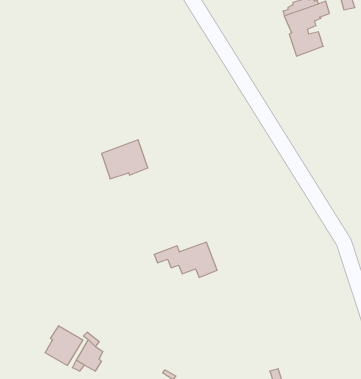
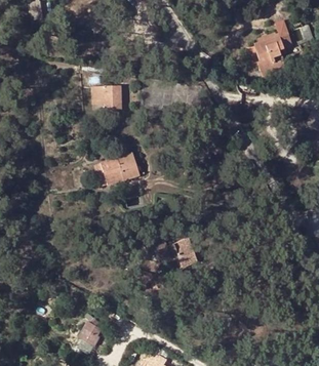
building: none -> [91,87,118,109]
building: [45,326,83,365] -> none

